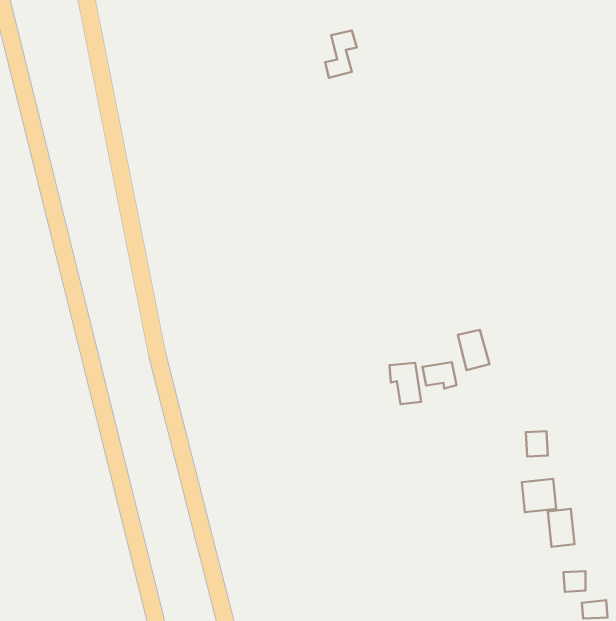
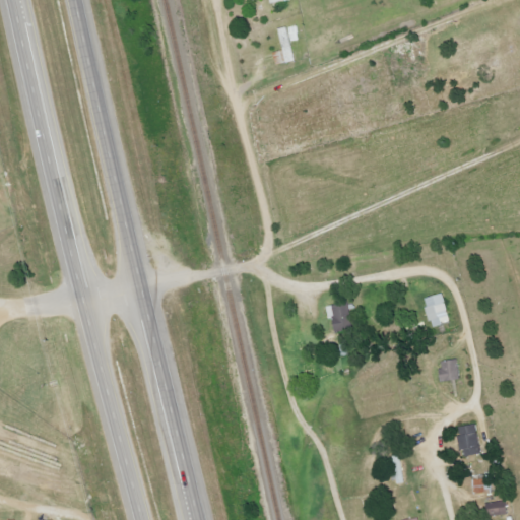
building: [458,330,490,370] -> [422,294,449,327]
building: [423,362,457,388] -> none
building: [522,479,556,512] -> none

